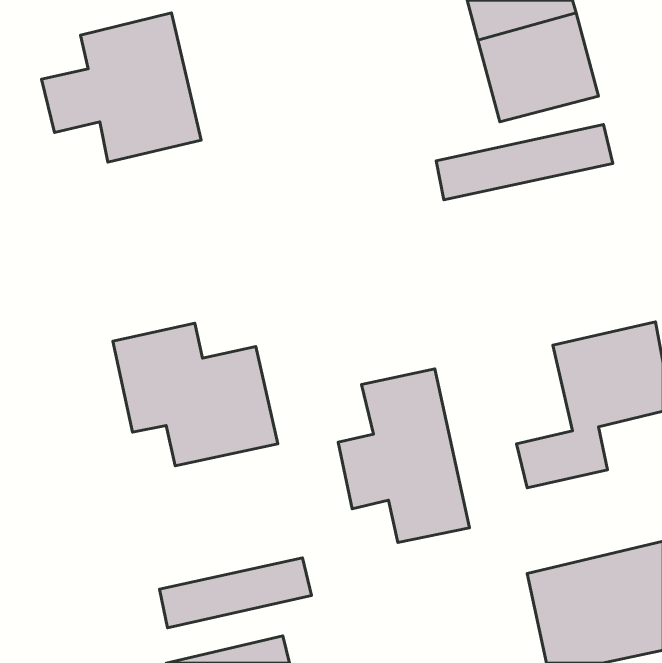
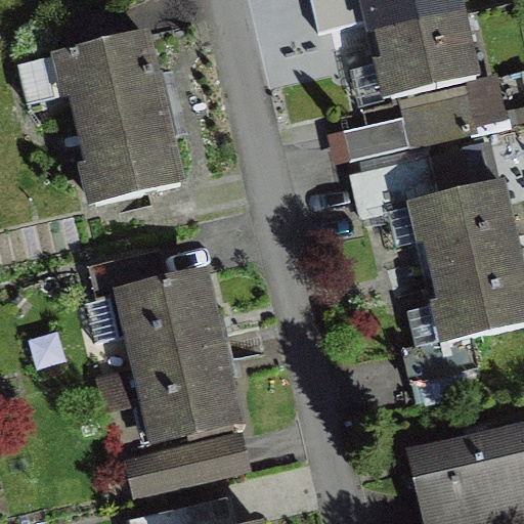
building: none -> [86,111,176,198]
building: none -> [359,159,518,272]
building: [338,369,469,542] -> none
building: none -> [139,350,235,439]

